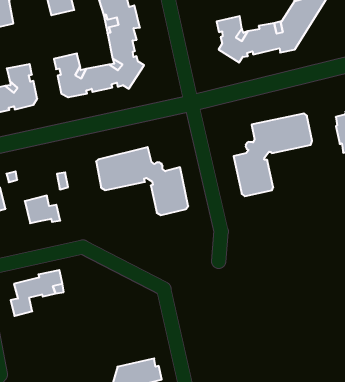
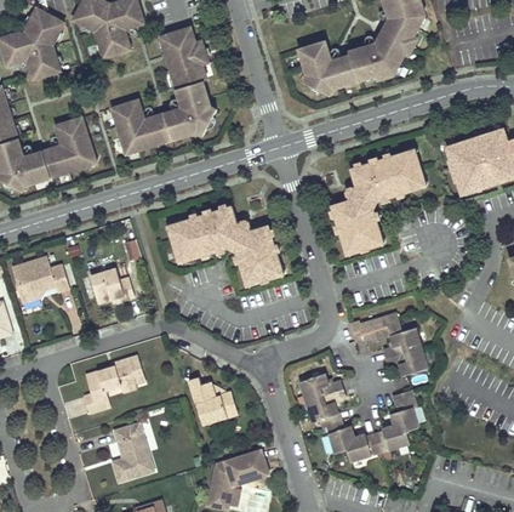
building: none -> [348,314,427,375]
building: none -> [188,377,238,426]
building: none -> [299,372,413,459]
building: none -> [110,422,153,482]

